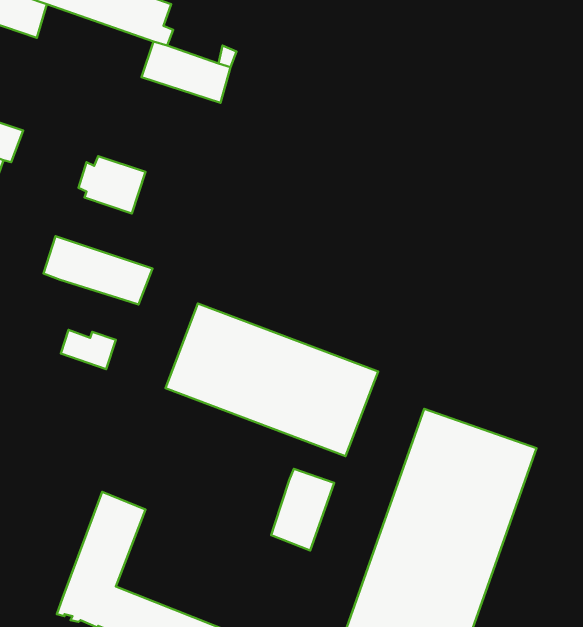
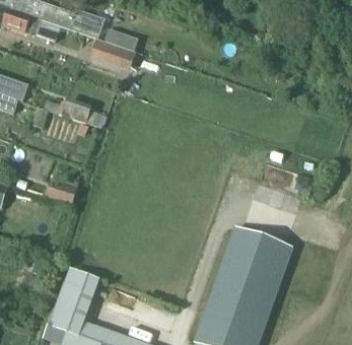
building: [44,236,153,305] -> none
building: [165,303,378,456] -> none
building: [271,469,334,550] -> none

